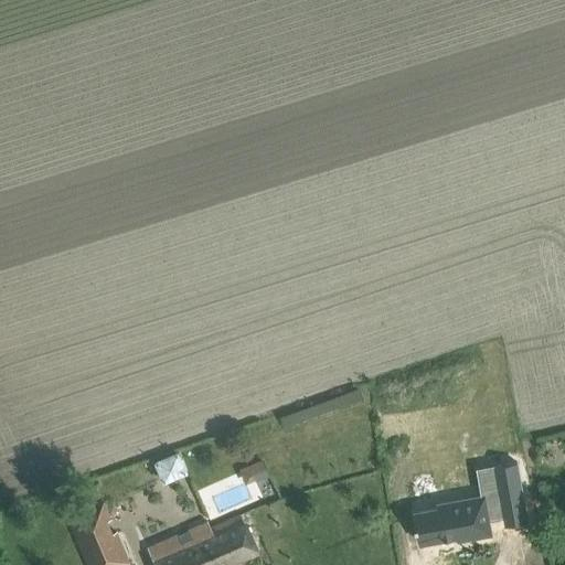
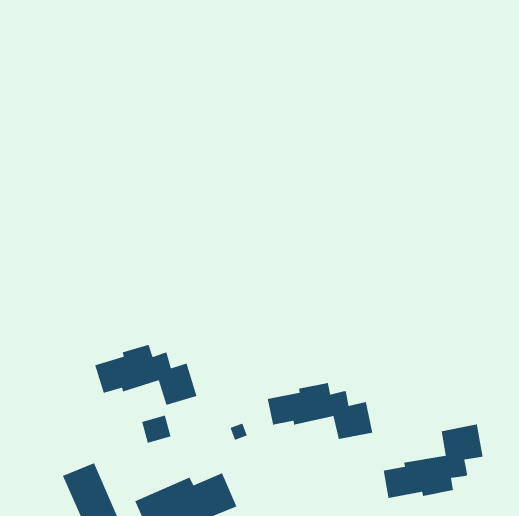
building: none -> [94,344,197,406]
building: none -> [267,382,373,440]

